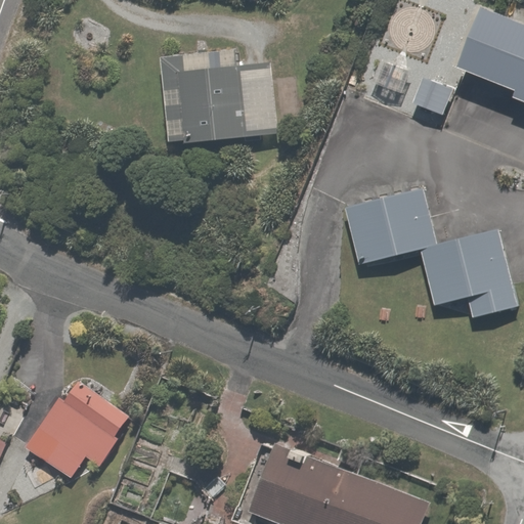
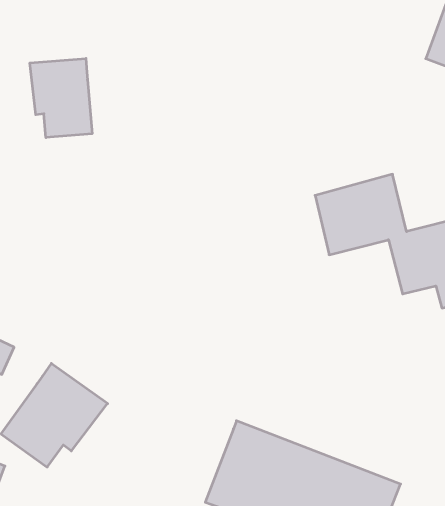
building: [148,54,282,149] -> none
building: none -> [30,58,92,138]

